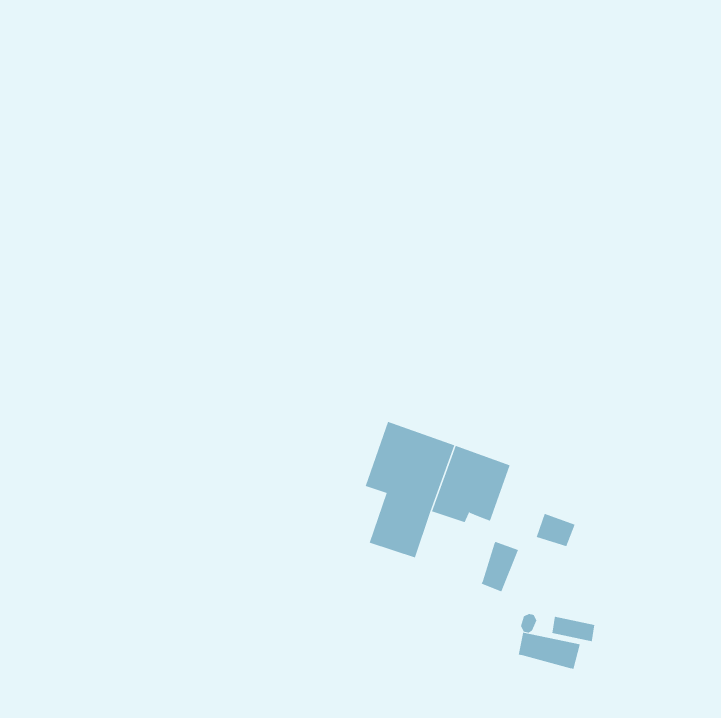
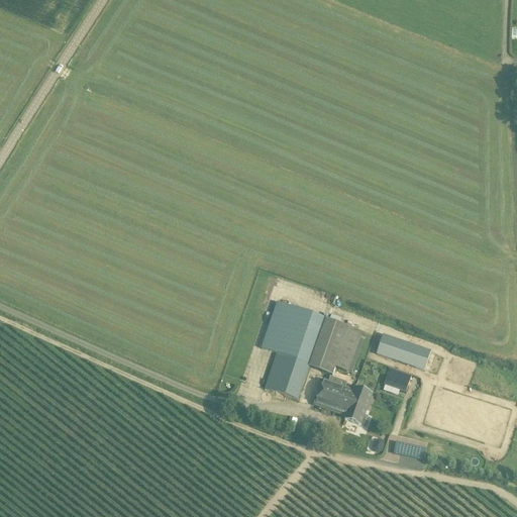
building: none -> [377,333,431,368]
building: none -> [313,376,352,415]
building: [518,632,581,670] -> none

